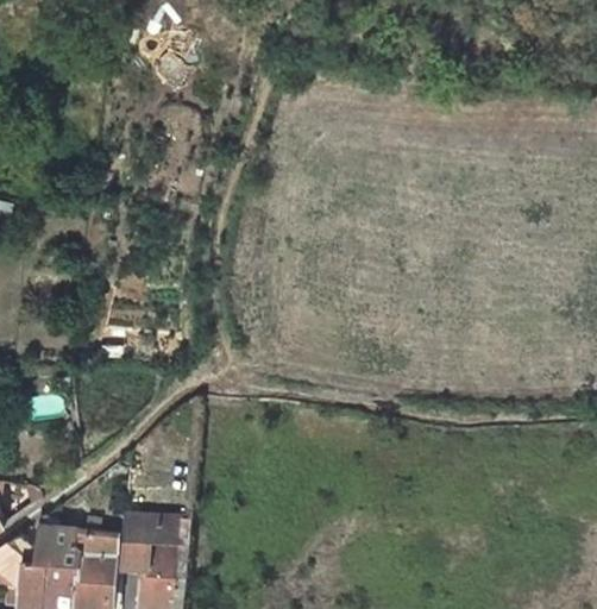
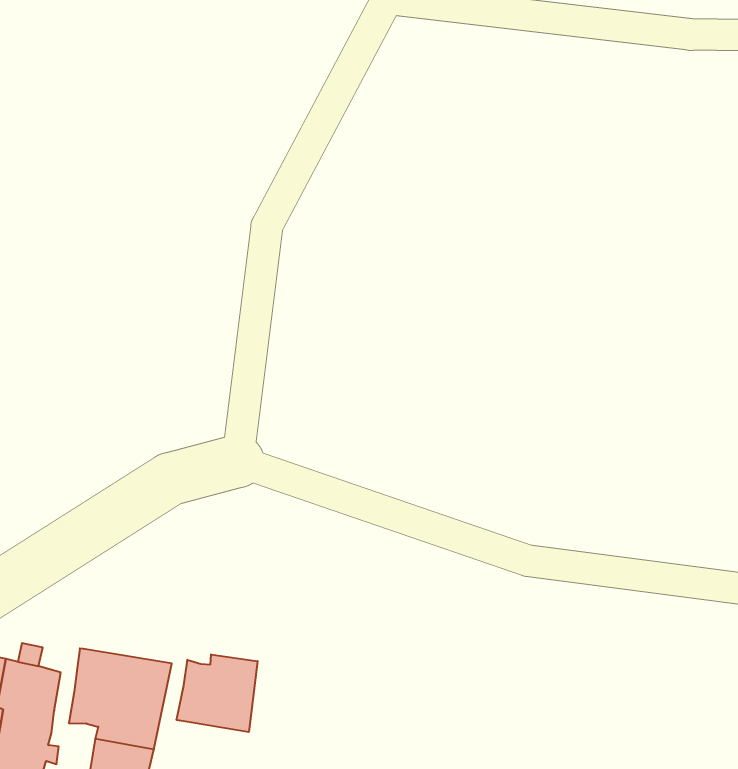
building: none -> [177,654,258,732]

